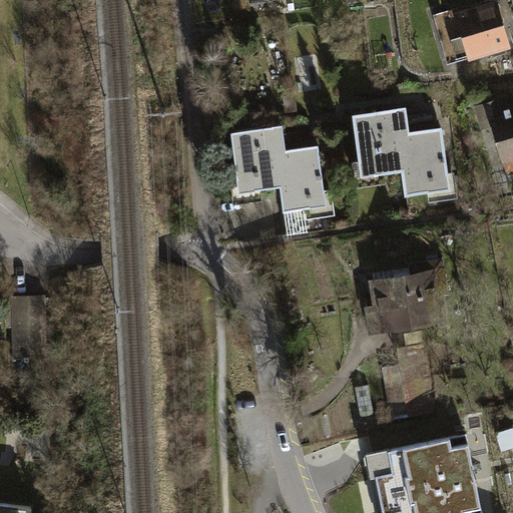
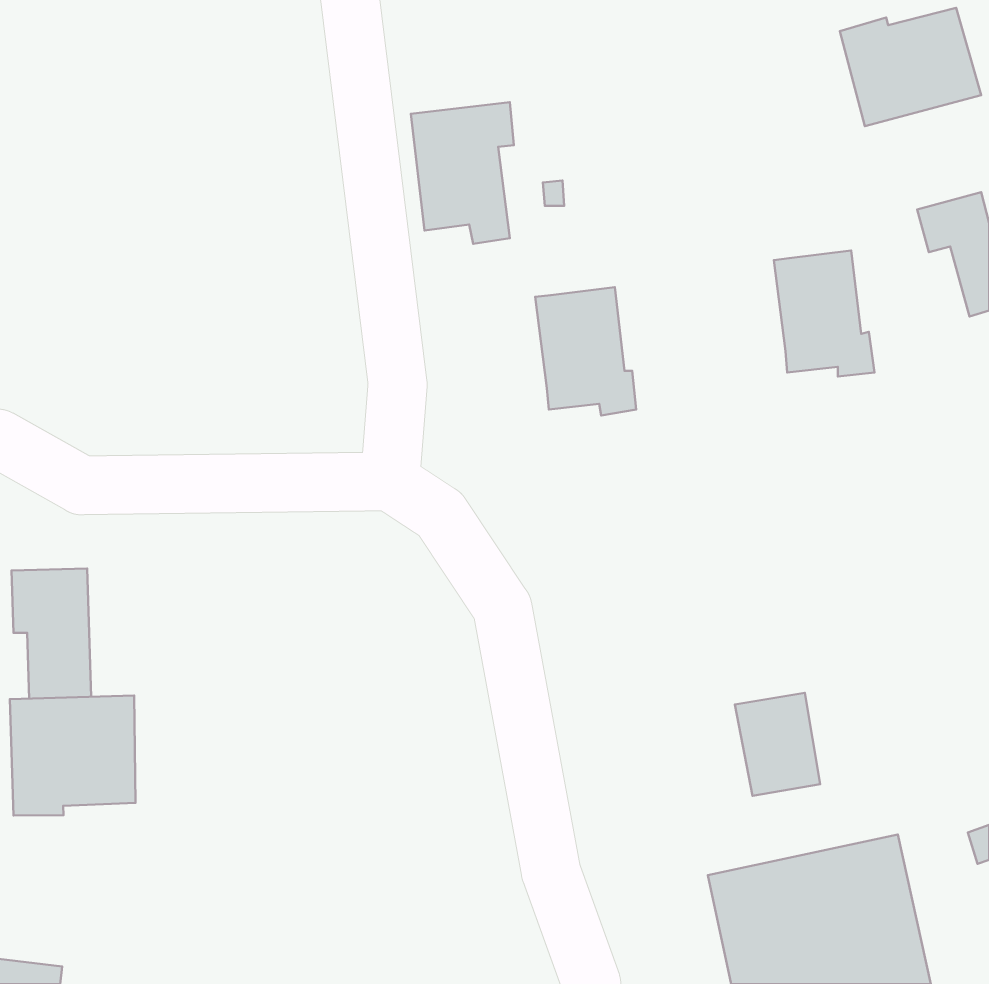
building: [355,110,408,183] -> none
building: [231,130,285,203] -> [411,102,514,244]
building: [366,269,439,337] -> none
building: none -> [10,696,135,815]

